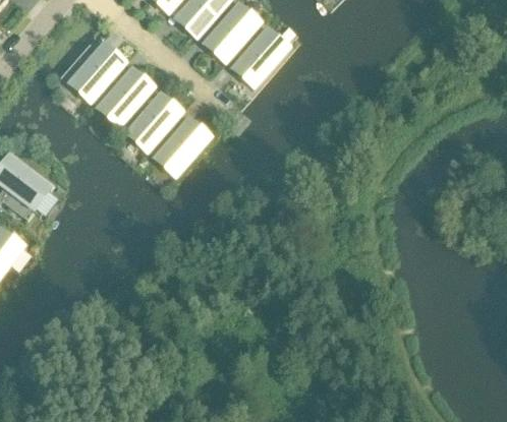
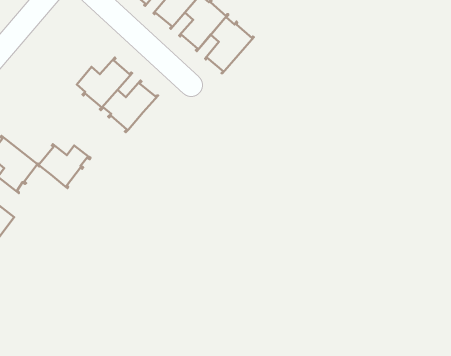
building: [61,45,125,102] -> none
building: [150,119,211,176] -> none
building: none -> [37,144,91,188]

